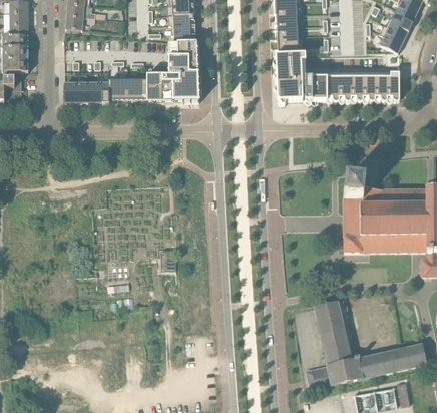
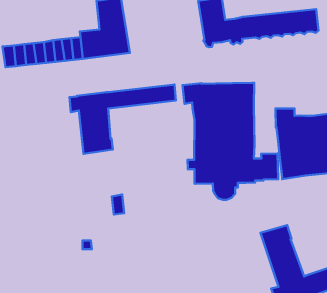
building: none -> [70,84,176,154]
building: none -> [182,83,278,200]

